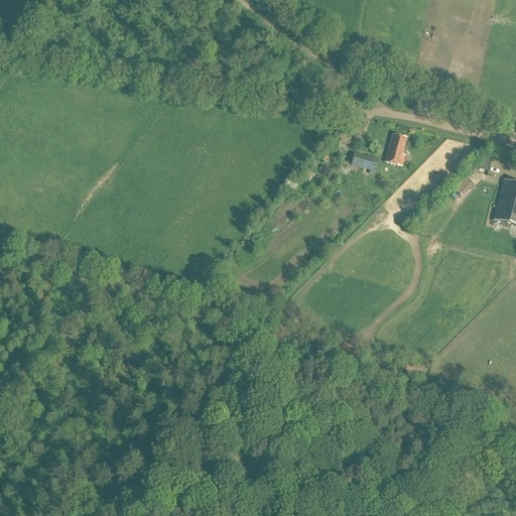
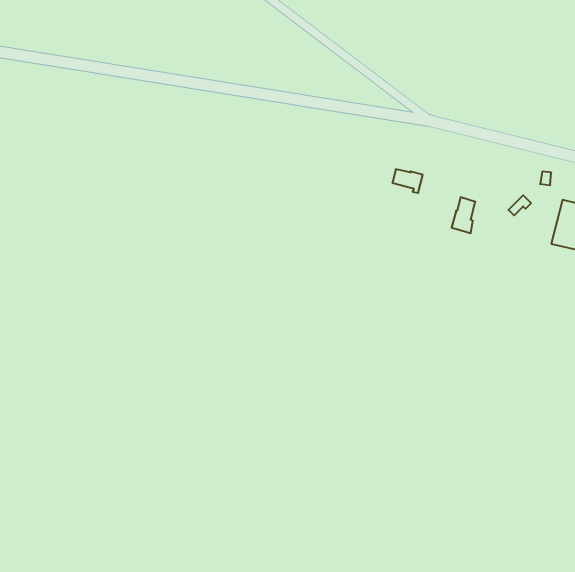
building: [385,132,406,164] -> [452,197,475,233]

